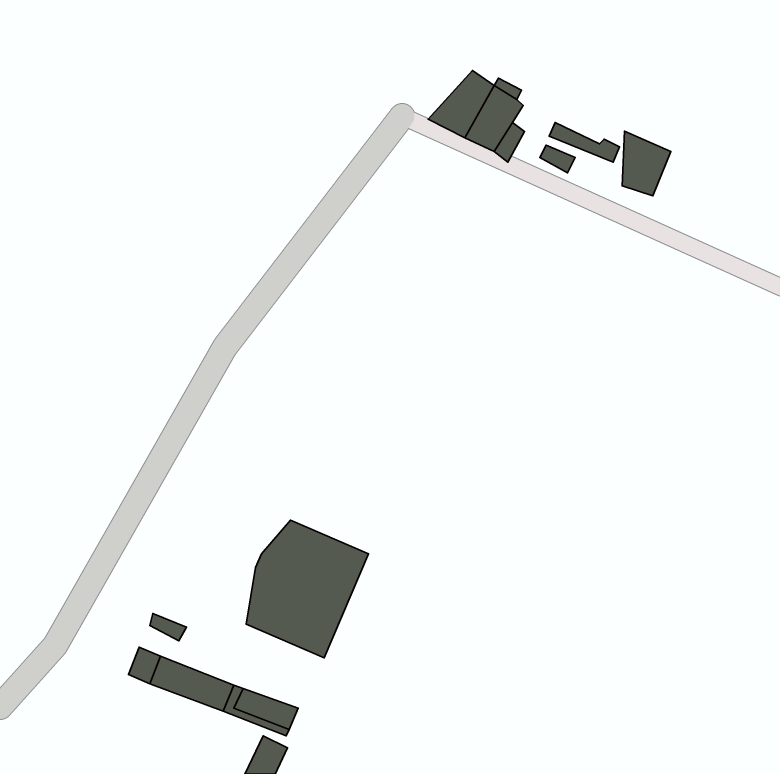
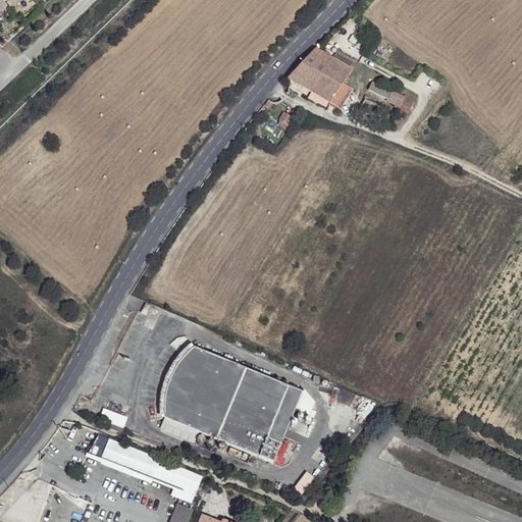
building: [622,131,671,196] -> none
building: none -> [217,369,303,464]

